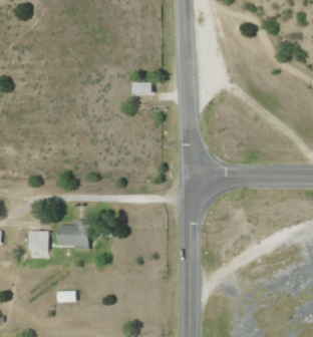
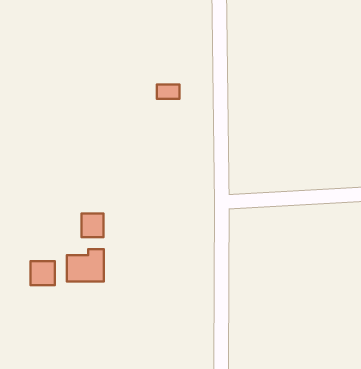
building: none -> [81,214,104,237]

